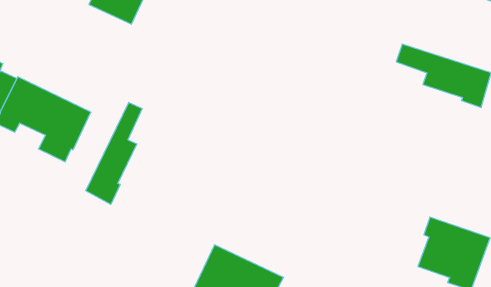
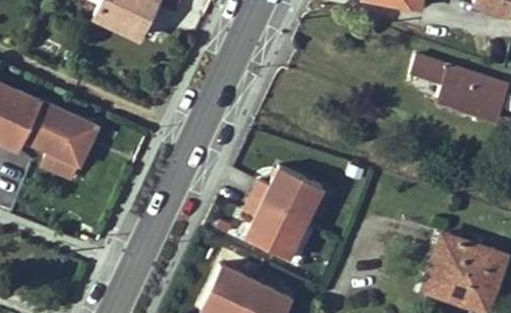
building: [86,102,142,204] -> none
building: none -> [248,165,326,256]

